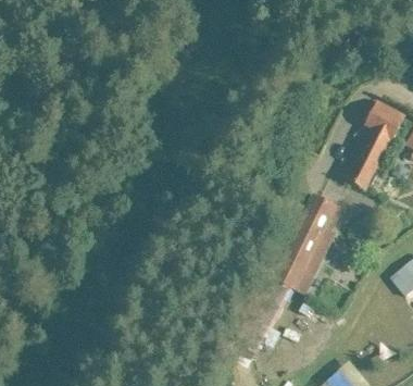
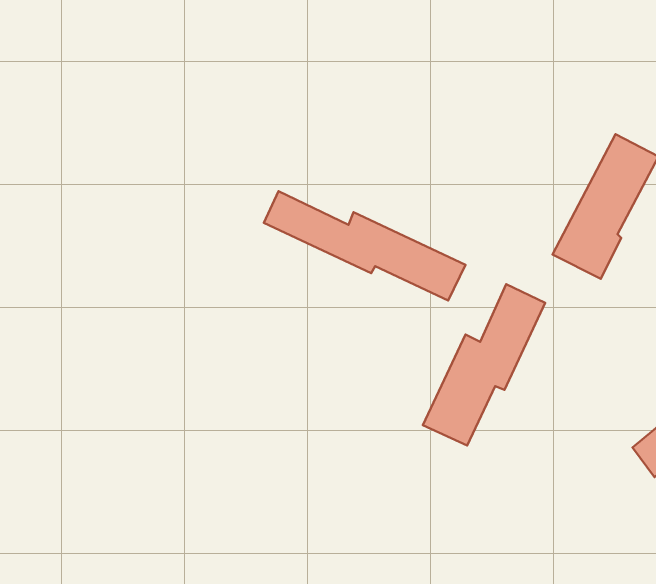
building: none -> [264,191,465,300]

